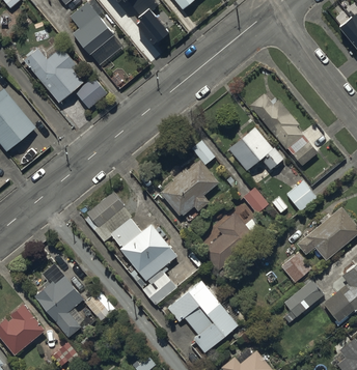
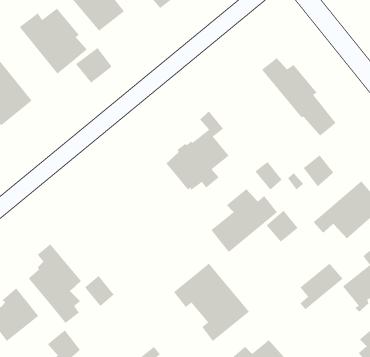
building: [227,125,283,170] -> none
building: [86,192,177,307] -> none
building: [282,254,312,284] -> [266,210,298,242]

